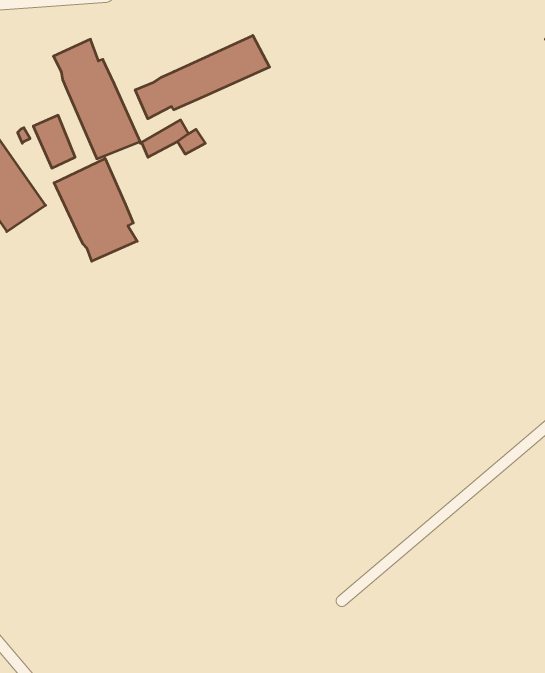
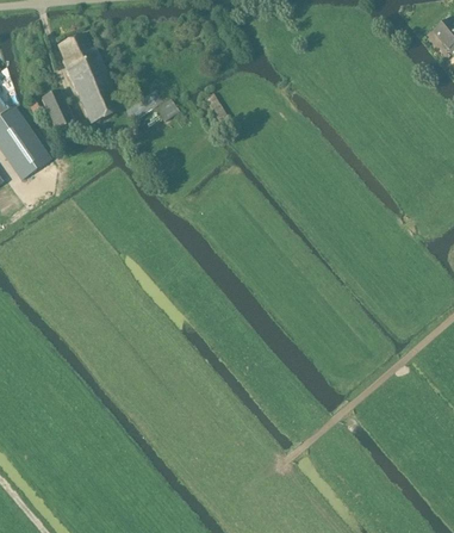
building: [135,35,270,119] -> none
building: [54,158,137,261] -> none

